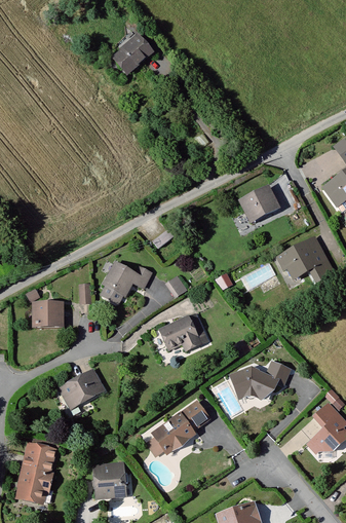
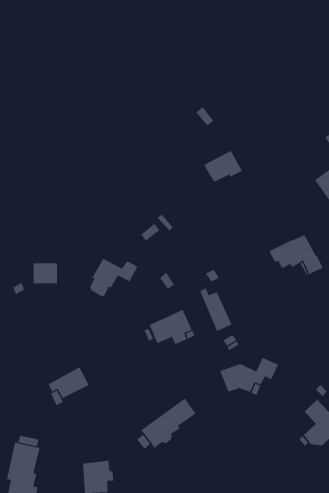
building: [114,37,152,73] -> none
building: [240,187,279,219] -> [203,150,243,183]
building: none -> [199,288,232,332]
building: [36,304,61,325] -> [33,263,58,284]

